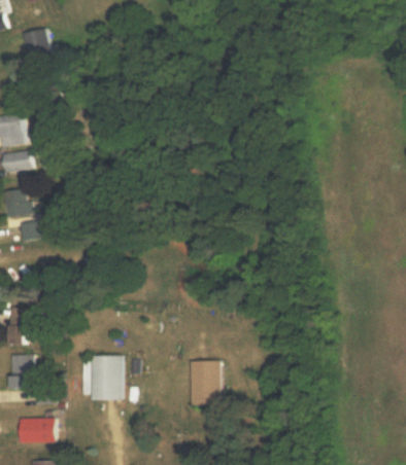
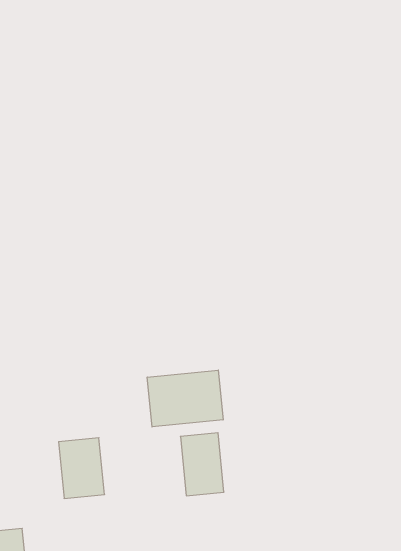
building: none -> [147,370,223,427]

